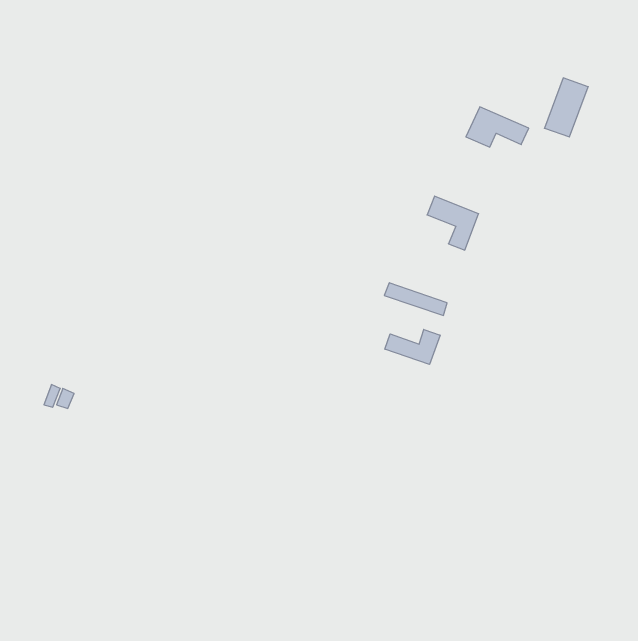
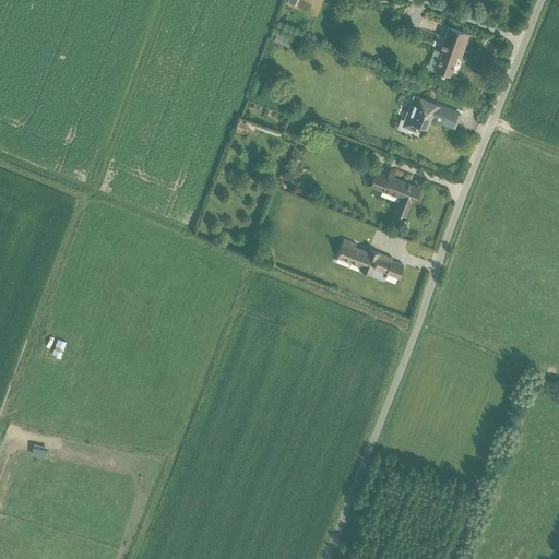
building: [544,78,588,137] -> [432,26,471,78]
building: [385,329,440,364] -> none

